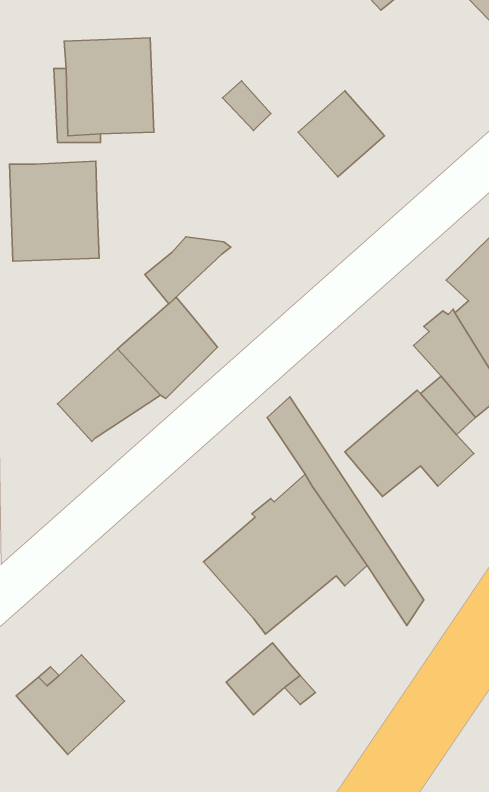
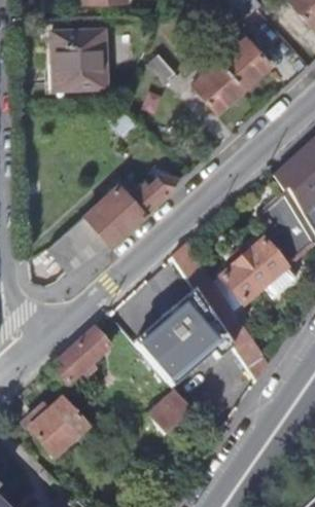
building: none -> [220,36,271,86]
building: [10,161,99,261] -> none
building: [145,237,231,304] -> [130,173,181,213]
building: none -> [52,327,111,383]

